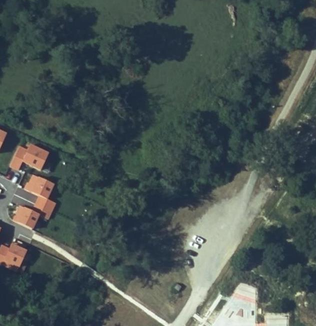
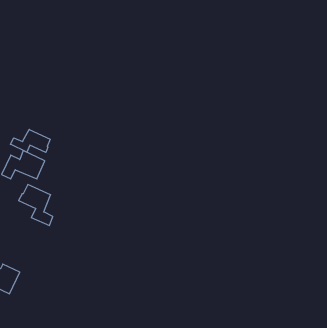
building: none -> [10,129,50,152]
building: [13,203,52,228] -> none

